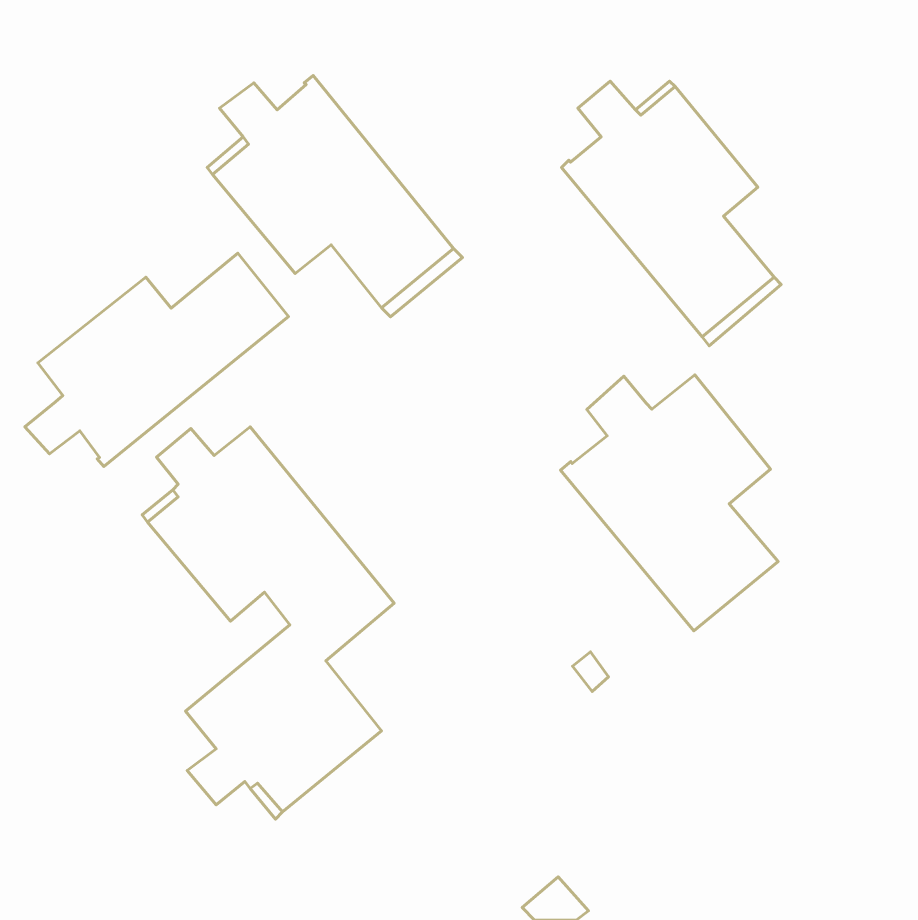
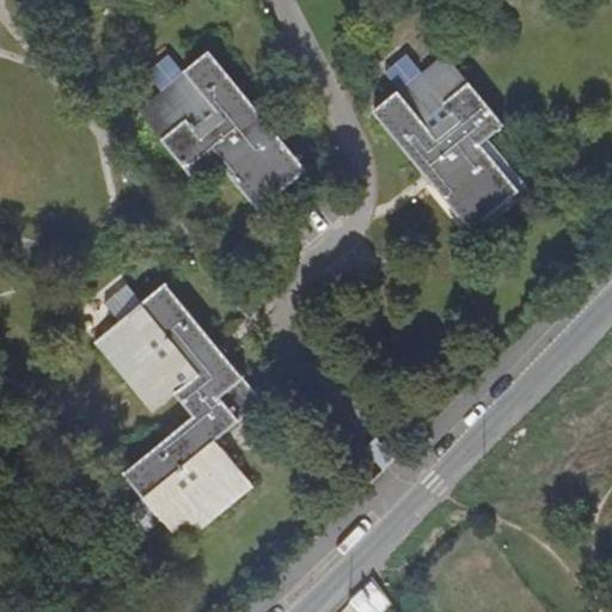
building: [25,253,288,467] -> none
building: [560,375,778,631] -> none

